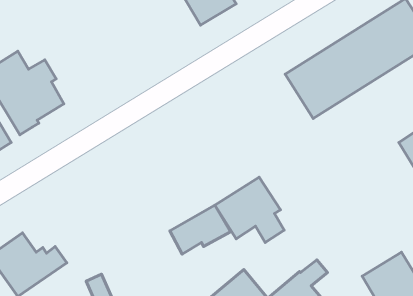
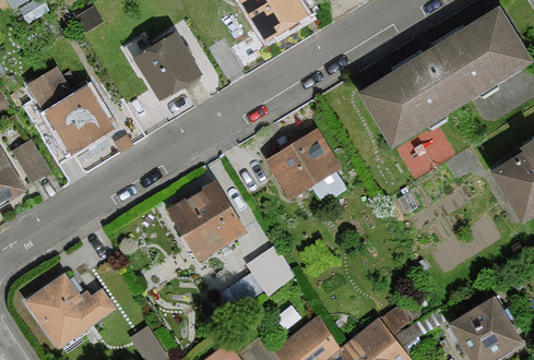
building: none -> [134,34,200,99]
building: none -> [167,180,245,259]
building: [215,177,284,243] -> [266,129,345,203]

